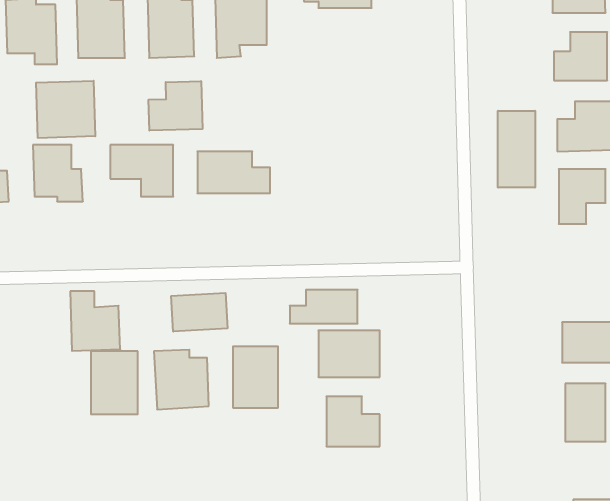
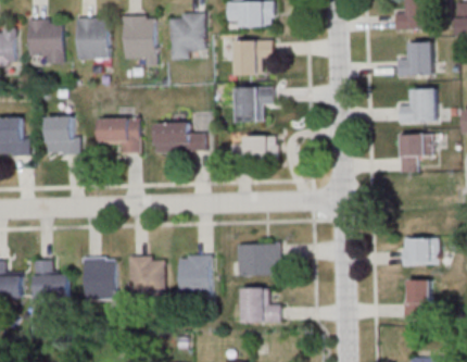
building: none -> [235,39,272,74]
building: [36,81,95,138] -> none
building: [149,81,202,131] -> none
building: none -> [236,86,274,121]
building: [498,111,535,188] -> none
building: [290,290,358,324] -> [234,135,279,158]
building: [70,291,120,351] -> [35,260,68,300]
building: [171,293,227,332] -> none

